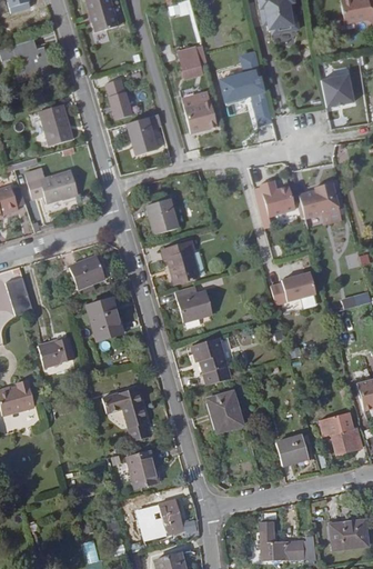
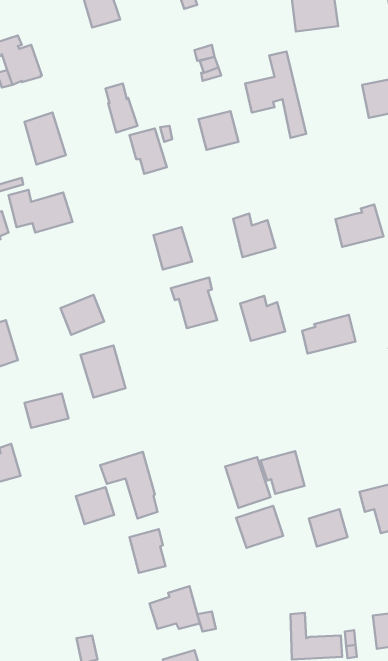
building: [261,180,296,217] -> [233,213,276,257]
building: [175,284,213,322] -> [240,296,285,341]
building: [191,338,228,373] -> [261,451,304,494]
building: none -> [76,487,114,524]
building: none -> [236,506,283,548]

